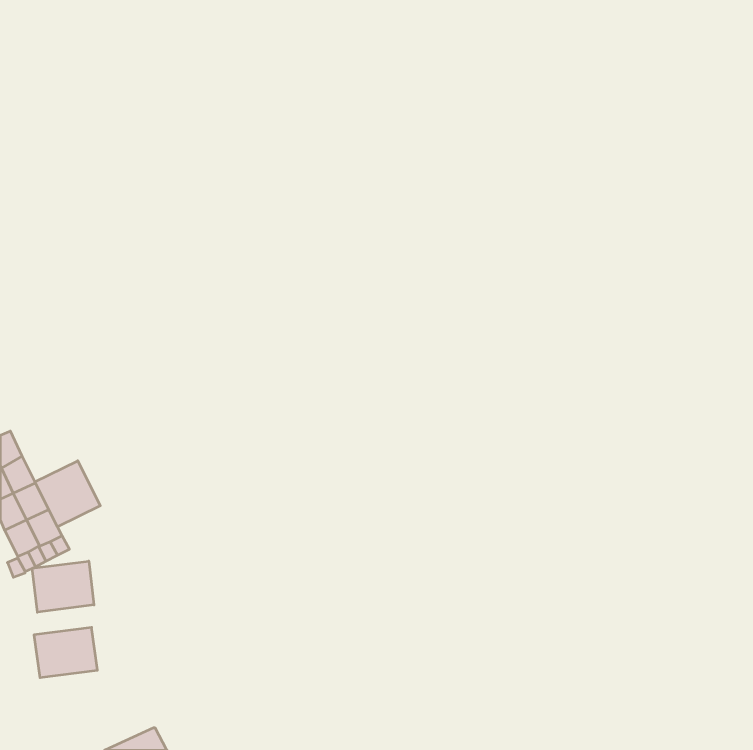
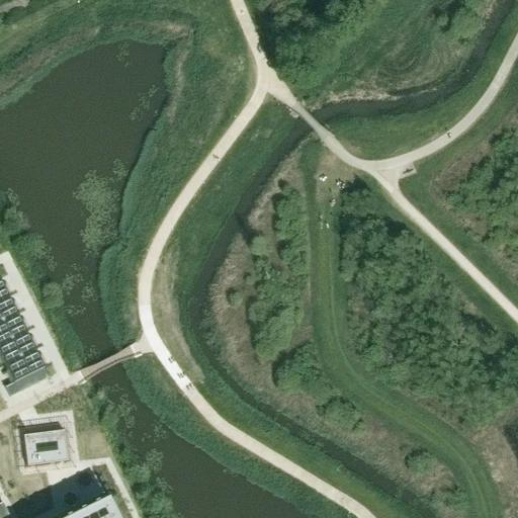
building: [35,461,100,527] -> none
building: [32,561,94,612] -> none

